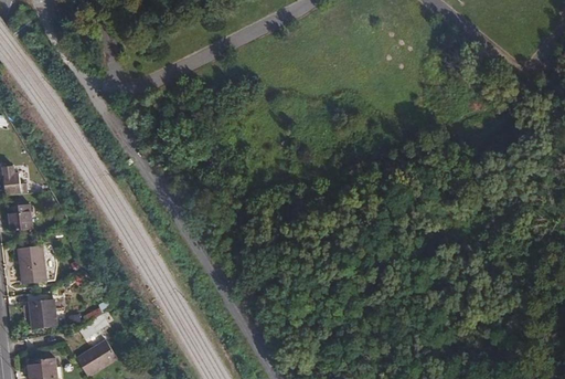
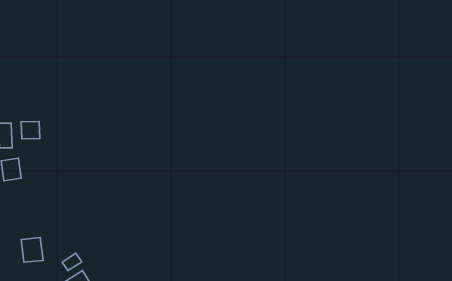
building: none -> [21,121,40,139]
building: [18,246,45,284] -> none

